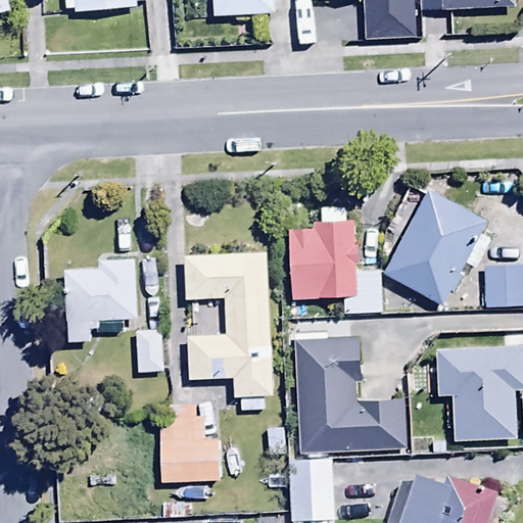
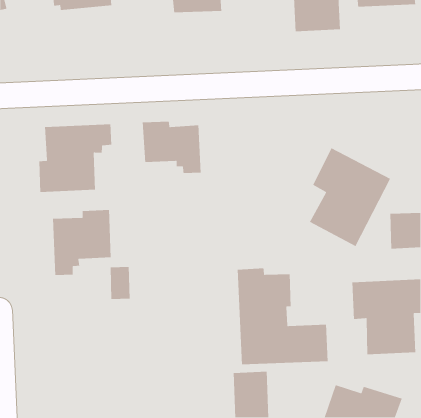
building: none -> [142,121,201,174]
building: none -> [39,124,112,193]
building: [288,205,381,313] -> none
building: [184,250,273,409] -> none
building: [159,412,222,484] -> none

